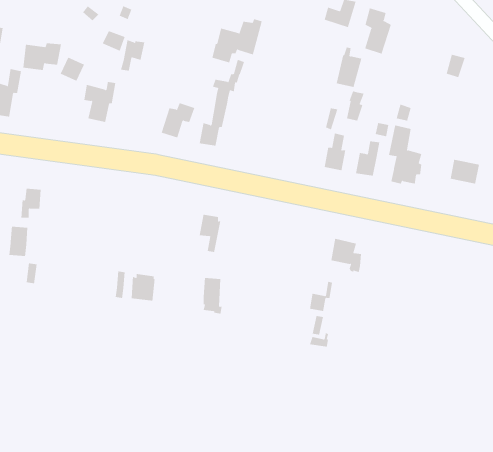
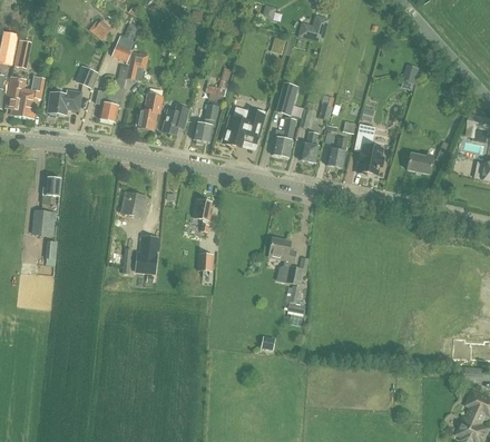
building: [364,7,391,55] -> none
building: [211,19,263,63] -> [220,108,264,146]
building: [23,43,62,70] -> [47,90,80,114]
building: [336,47,362,88] -> [274,81,296,116]
building: none -> [136,92,161,129]
building: none -> [270,125,293,157]
building: none -> [120,191,145,217]
building: [330,238,362,272] -> [267,237,294,266]

